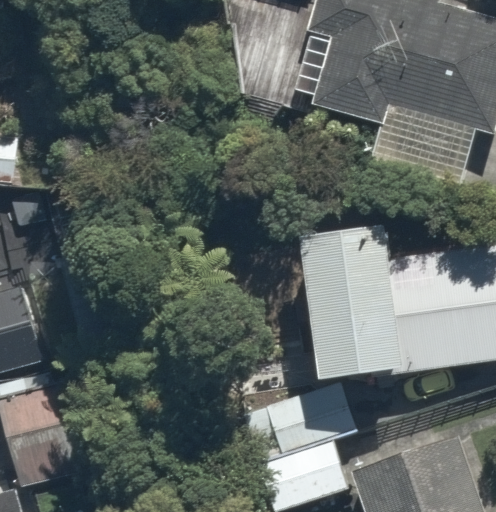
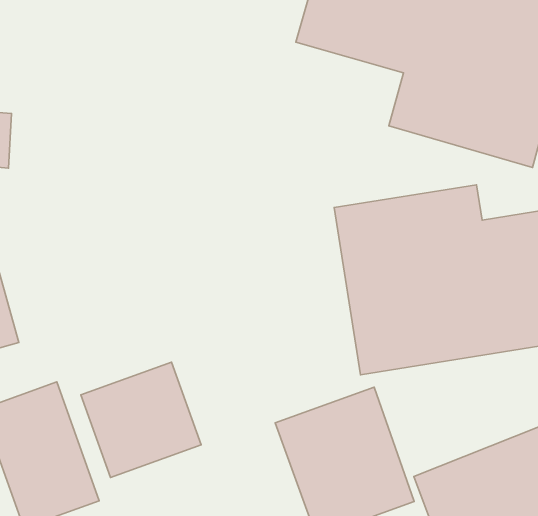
building: none -> [81,362,201,477]

